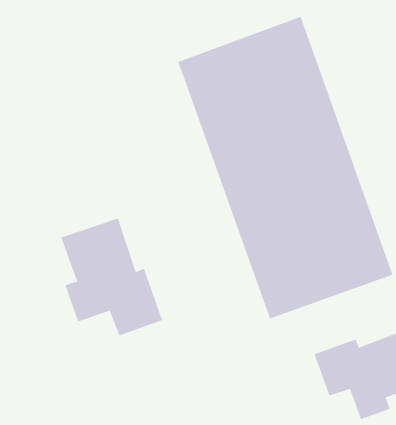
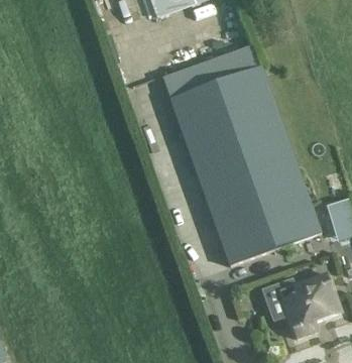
building: [60,218,163,337] -> none

